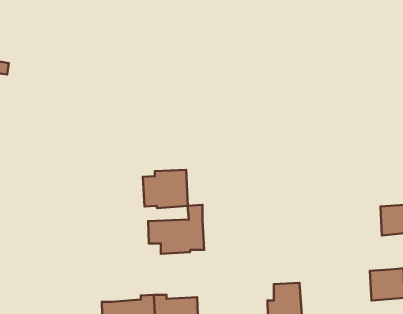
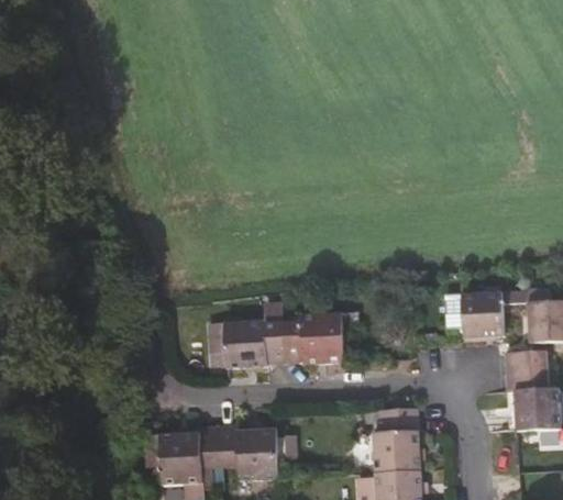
building: [143,170,188,208] -> [284,312,345,365]
building: none -> [444,292,505,338]
building: none -> [505,349,548,391]

